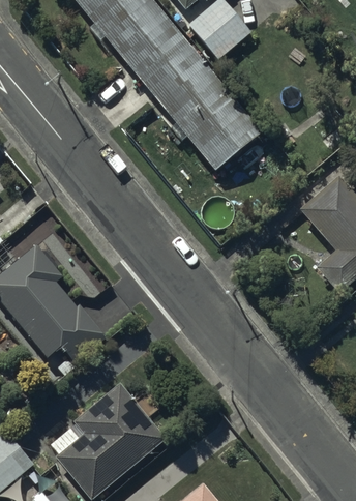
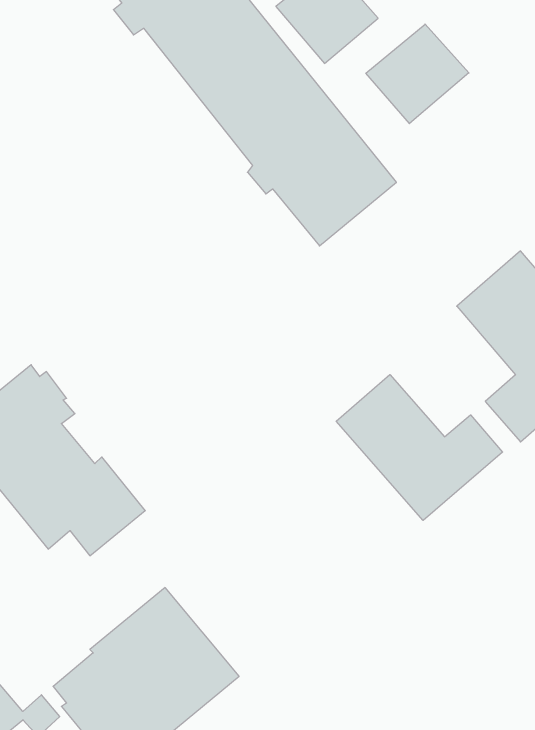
building: none -> [366,24,469,124]
building: none -> [336,375,503,520]

